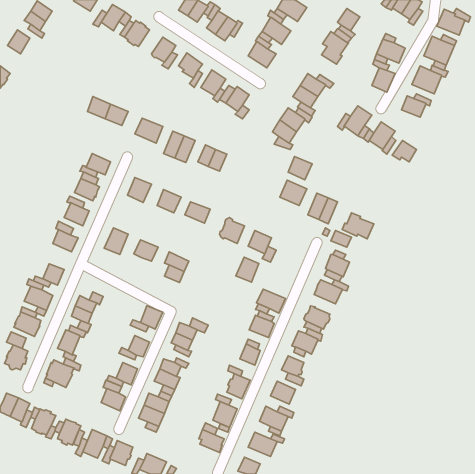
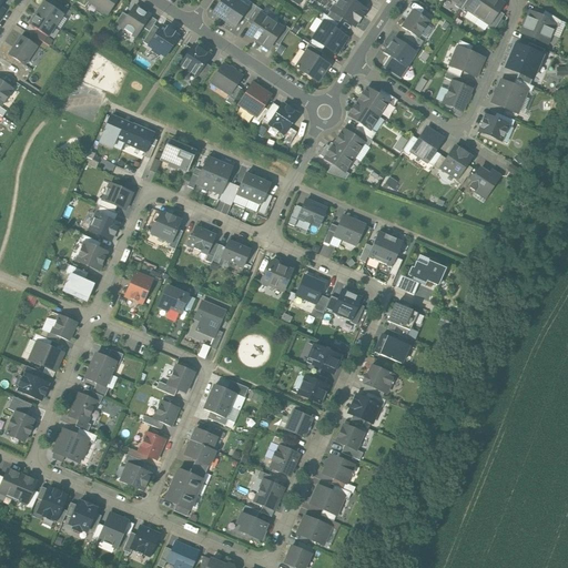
building: [288,156,312,180] -> [298,199,327,226]
building: [236,257,259,282] -> [333,290,361,320]

